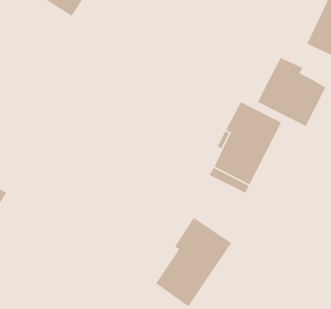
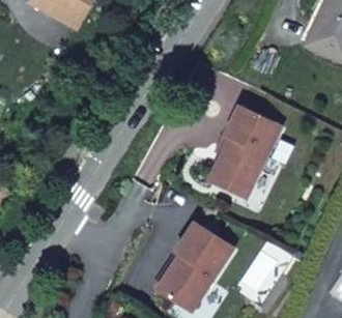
building: [257,57,327,127] -> none

